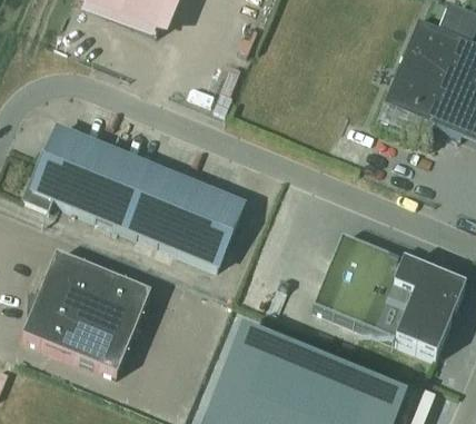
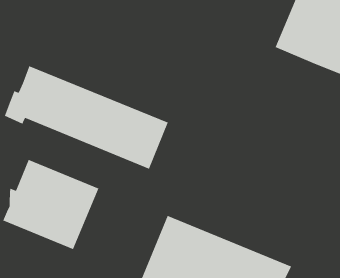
building: [314,233,466,354] -> none

